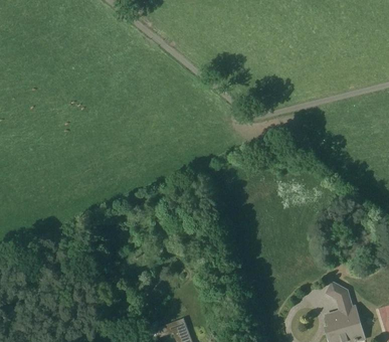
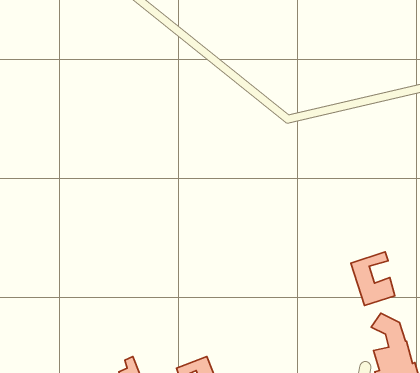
building: none -> [351,252,395,306]

